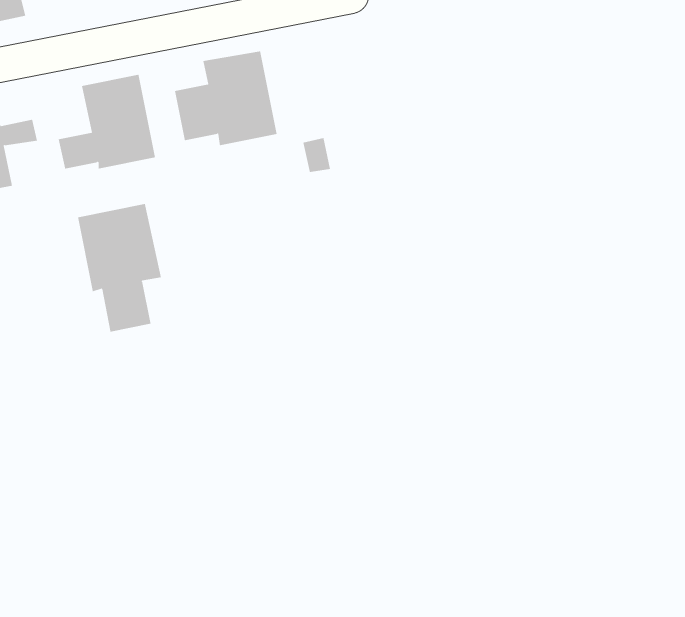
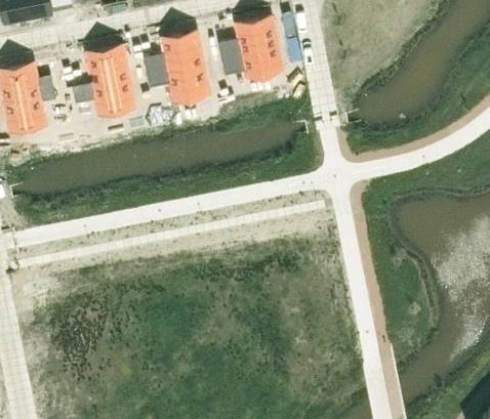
building: none -> [219,19,283,79]
building: [77,203,162,332] -> none

